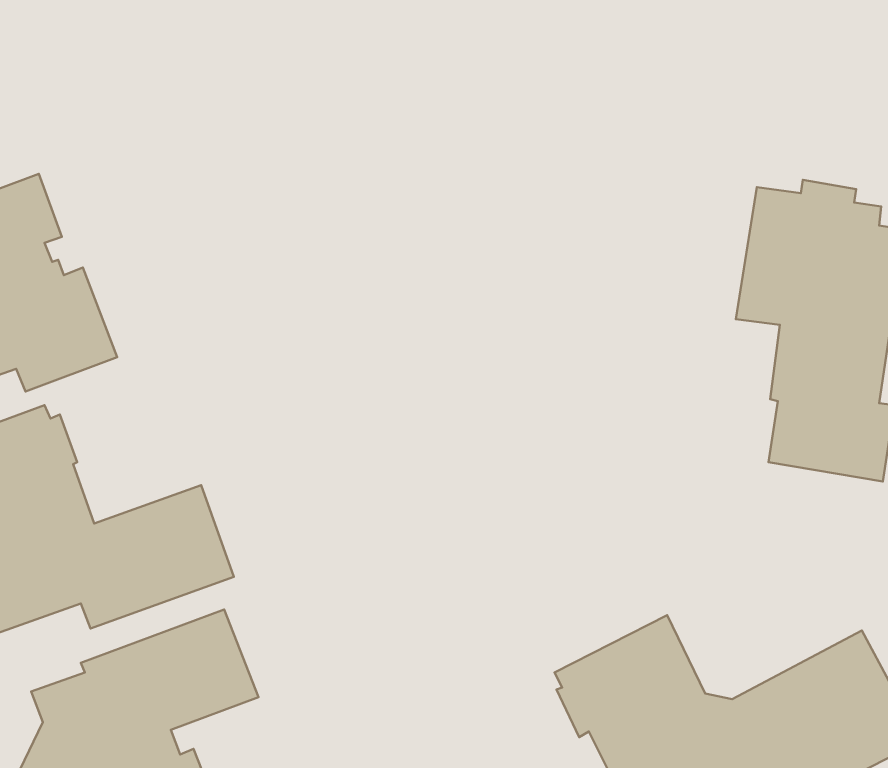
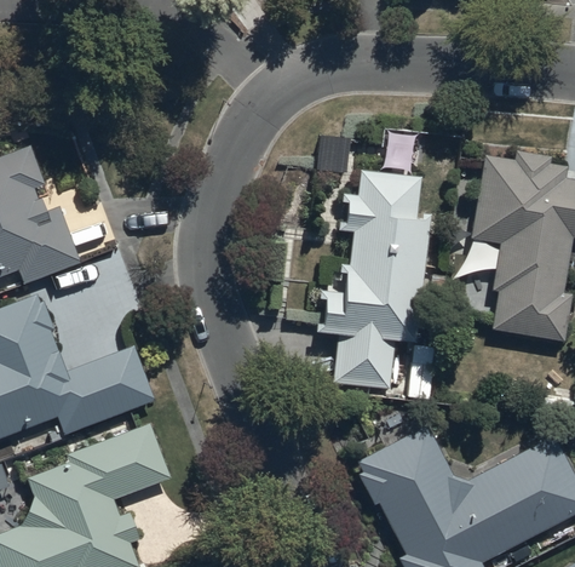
building: none -> [316,171,430,388]

